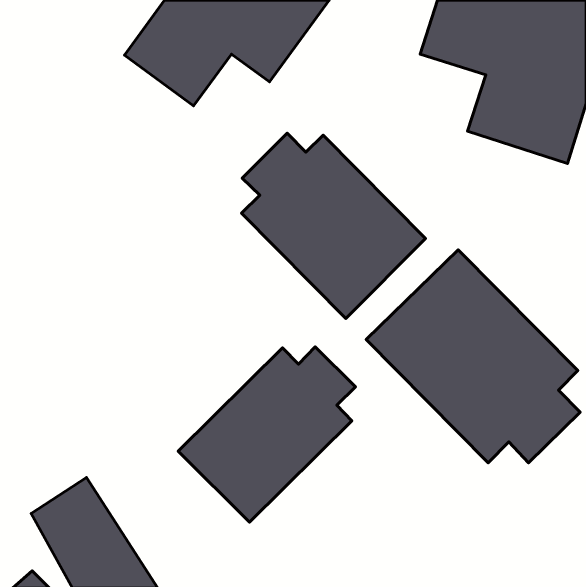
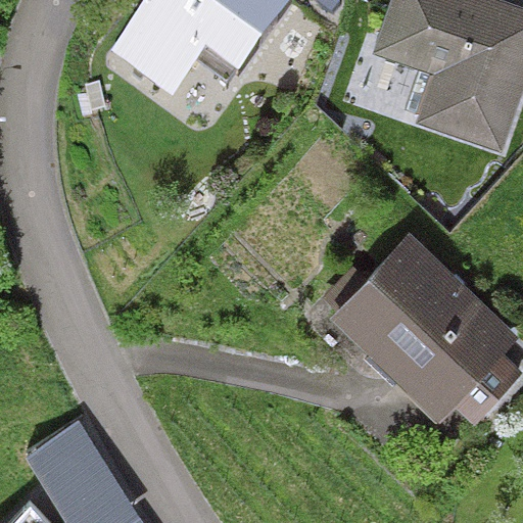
building: [241,133,425,319] -> none
building: [178,347,355,522] -> none

